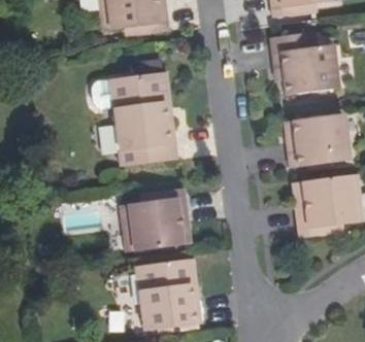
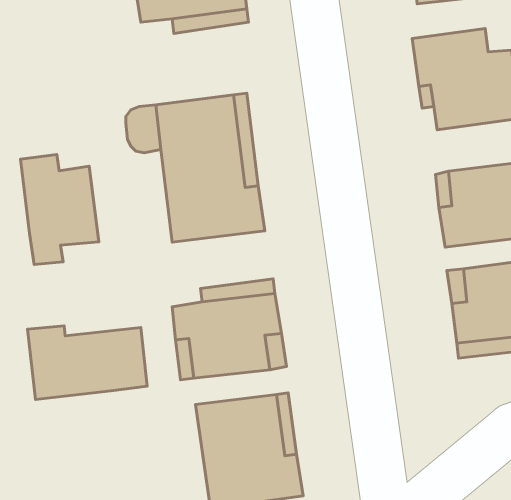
building: none -> [20,154,99,264]
building: none -> [28,326,147,399]

